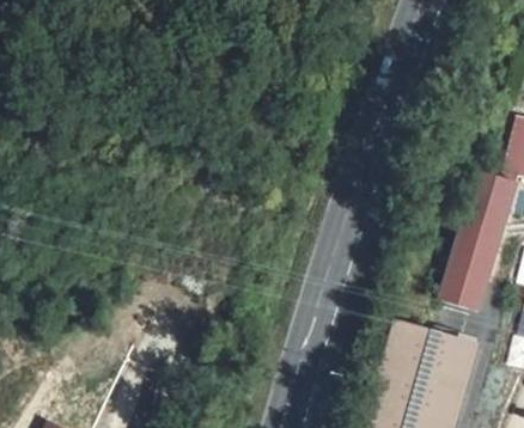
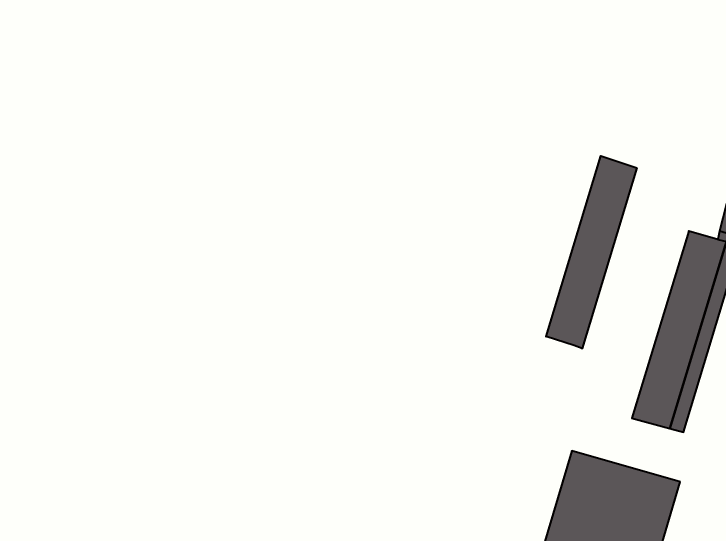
building: none -> [546,156,637,349]

